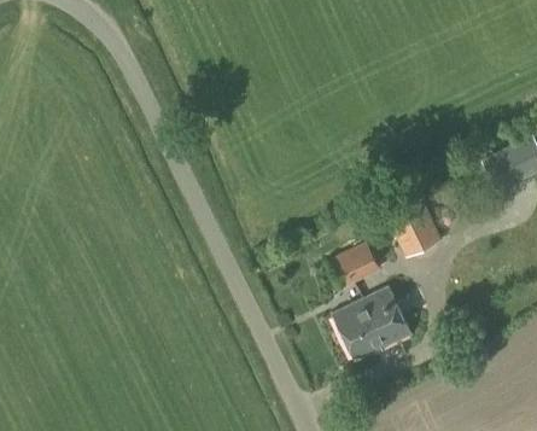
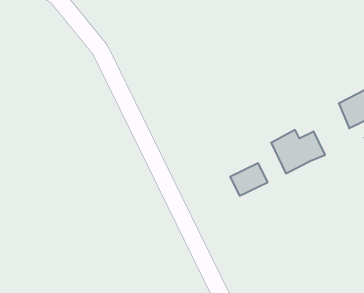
building: [332,286,411,362] -> none

